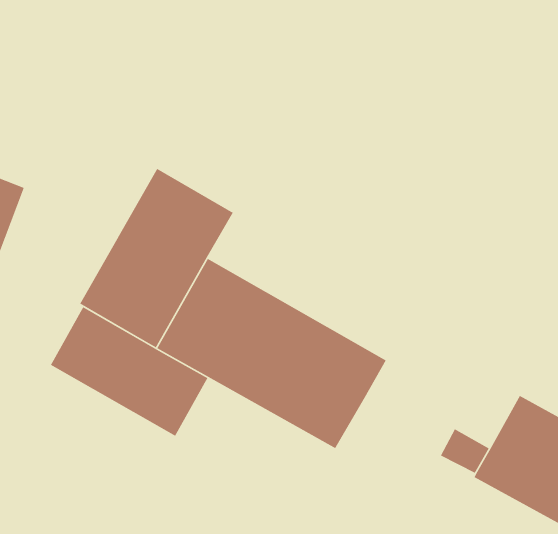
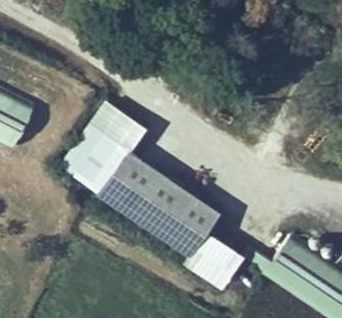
building: [50,306,209,437] -> none
building: none -> [186,233,248,294]

